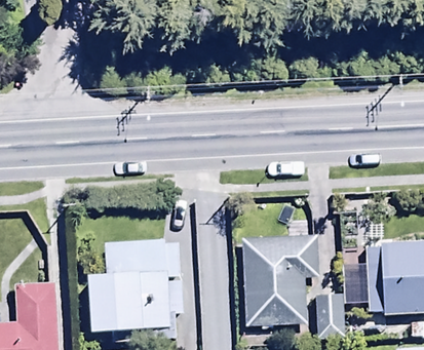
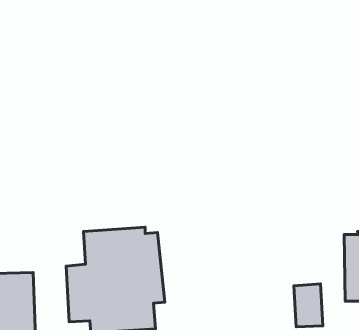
building: [243,234,319,324] -> none

